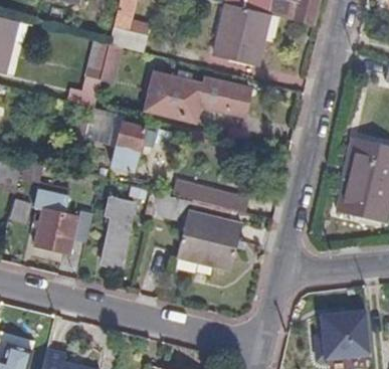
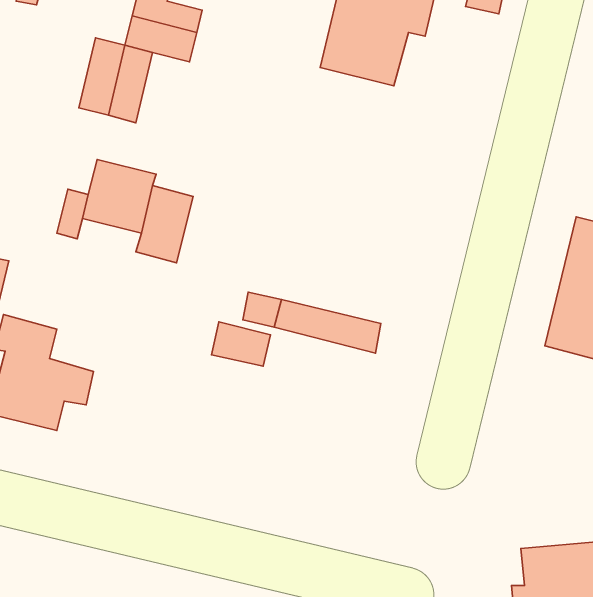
building: [146,70,248,121] -> none
building: [95,195,135,266] -> none
building: [177,210,242,268] -> none

